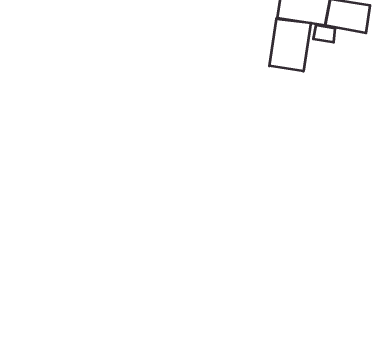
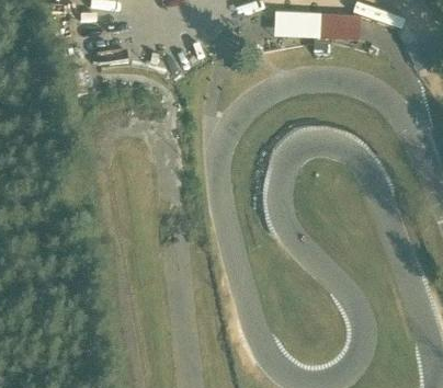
building: [269,19,311,71] -> none

